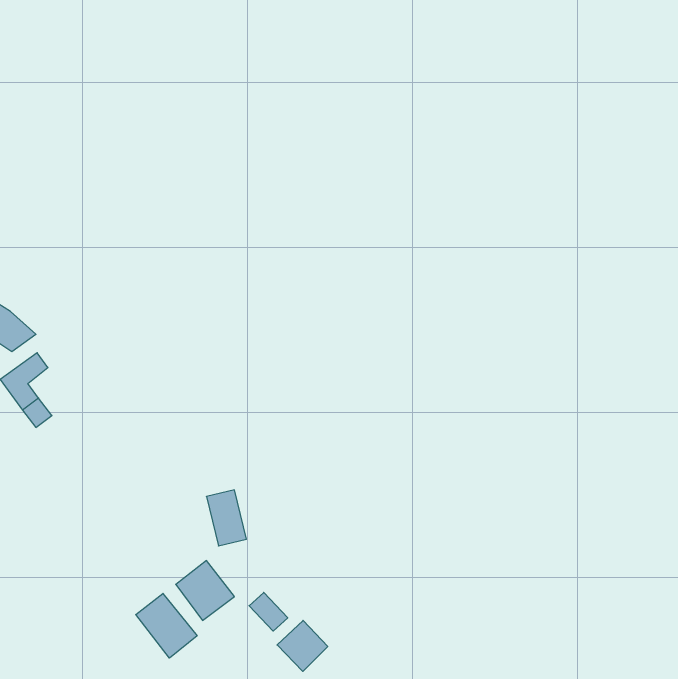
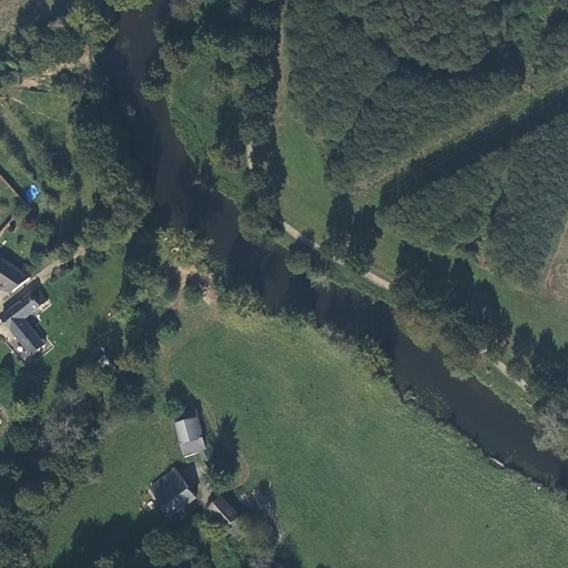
building: [136,593,197,658] -> none
building: [277,620,328,671] -> none

